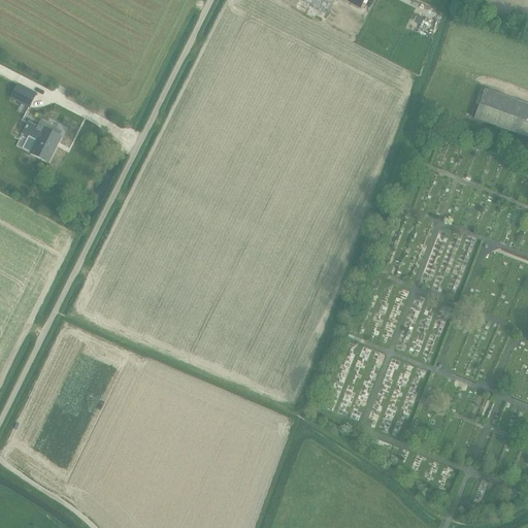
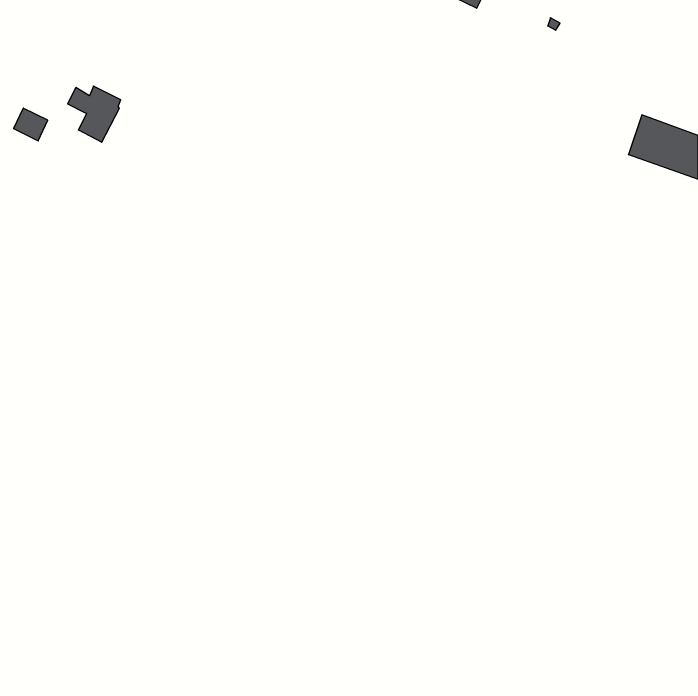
building: [22,119,62,161] -> [68,86,121,142]

